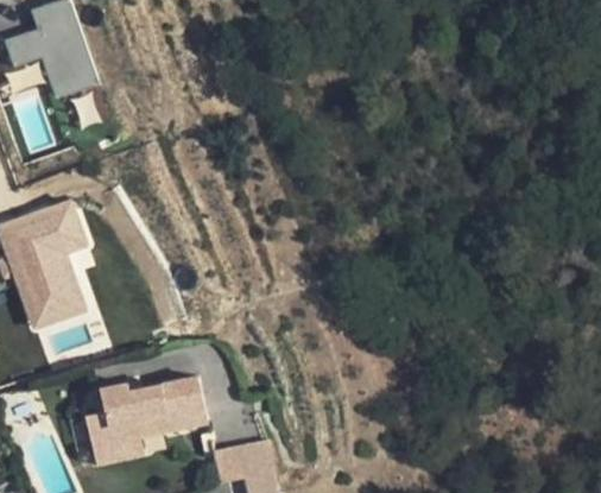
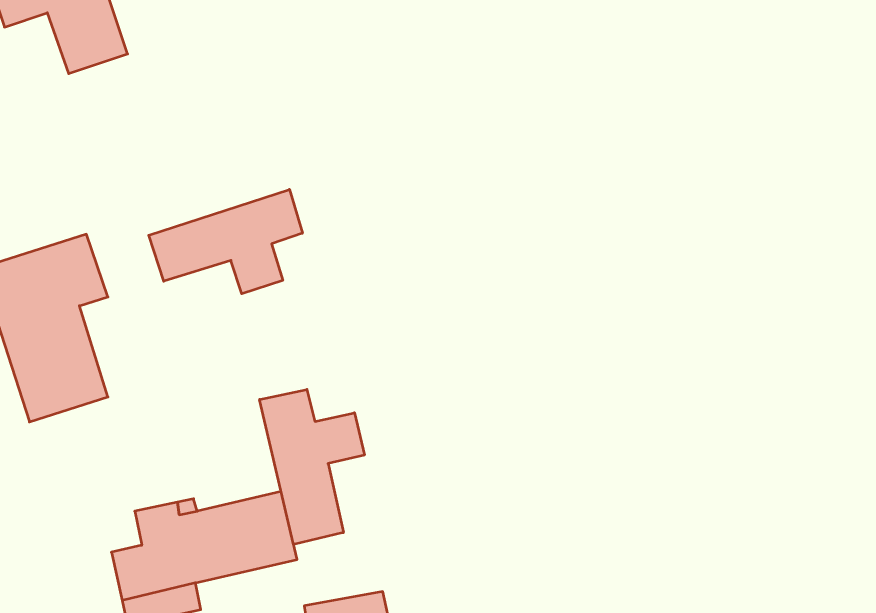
building: none -> [149,189,302,294]
building: none -> [260,389,364,544]

